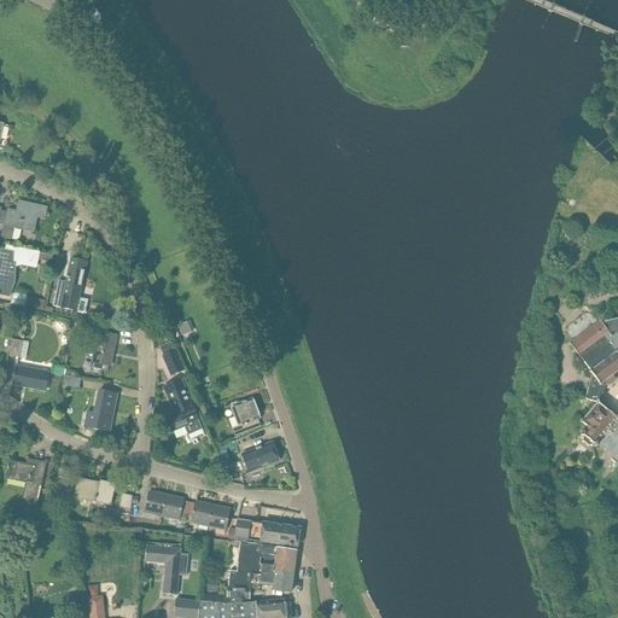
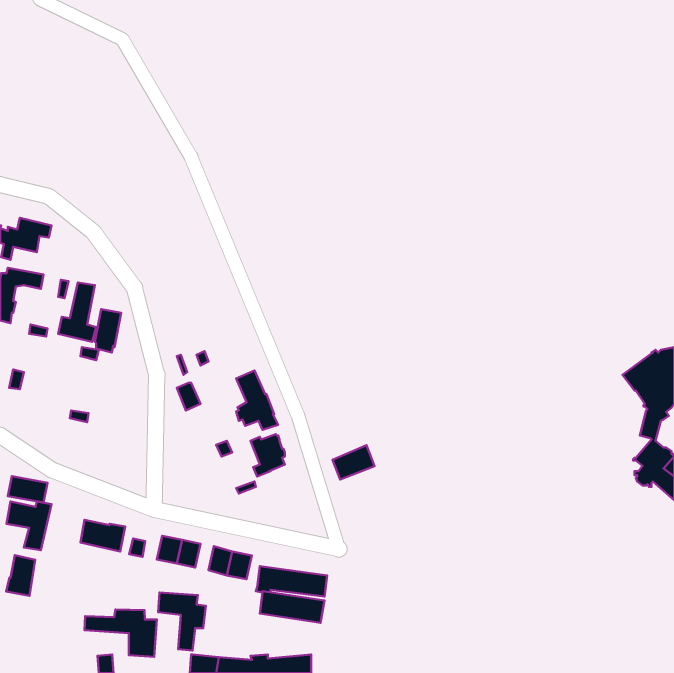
building: [92,331,116,371] -> [95,309,121,353]
building: [12,366,48,390] -> [8,476,47,503]
building: [163,379,202,433] -> [236,371,278,430]
building: [83,390,117,431] -> none
building: [241,441,280,472] -> [332,445,375,479]
building: none -> [6,555,35,596]
building: none -> [85,609,157,657]
building: [228,561,293,600] -> none

